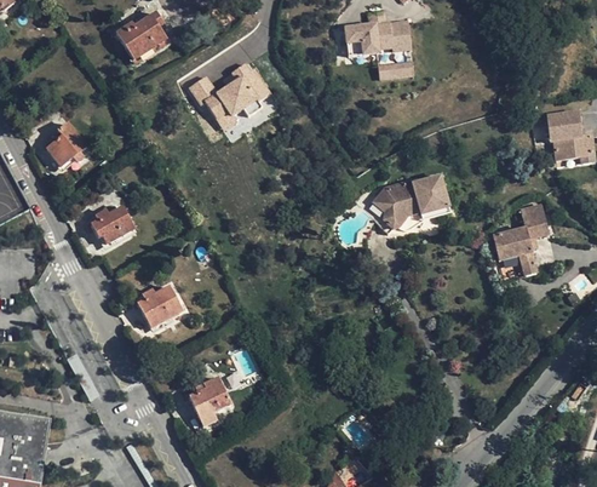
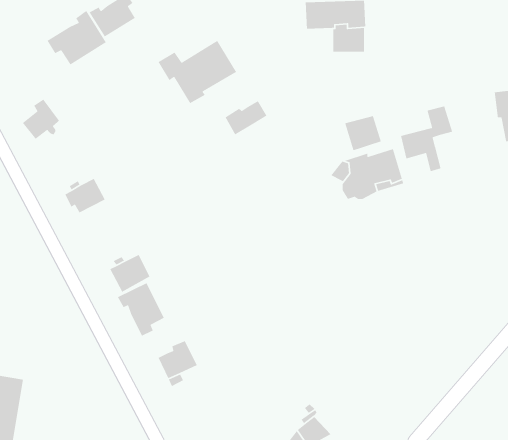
building: none -> [47,10,107,66]
building: none -> [225,100,268,136]
building: none -> [344,115,382,151]
building: [493,205,549,275] -> [400,106,453,172]
building: none -> [117,282,165,337]

